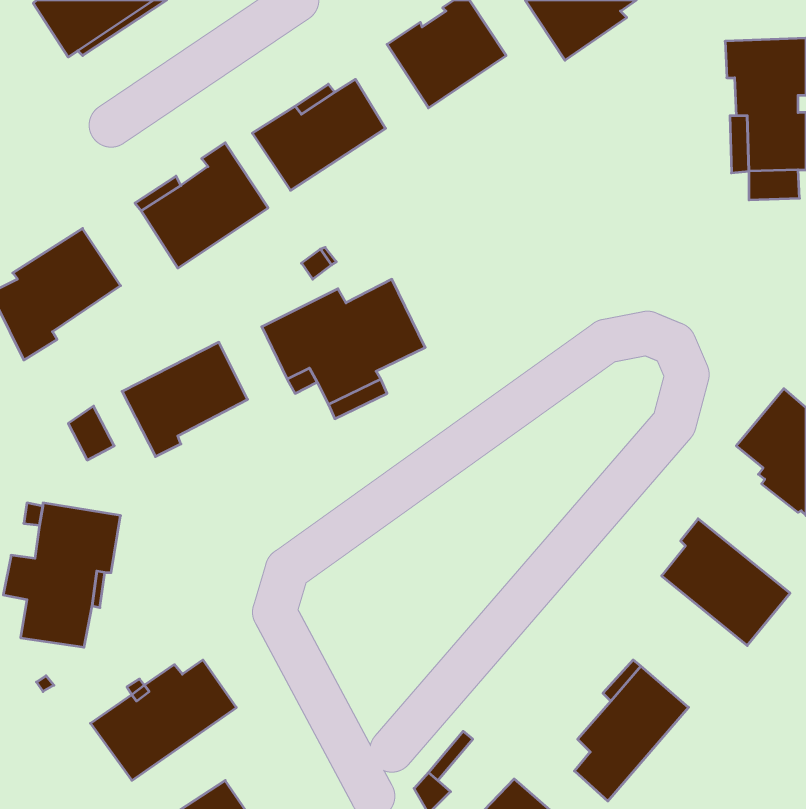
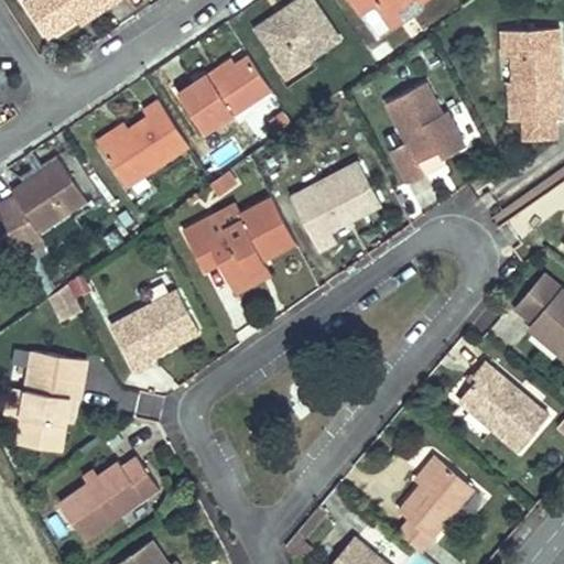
building: none -> [386,82,466,183]
building: none -> [290,159,381,248]
building: [122,342,248,457] -> [116,293,203,372]

